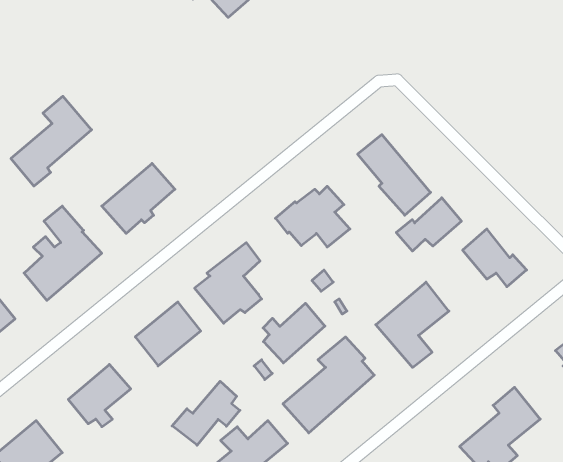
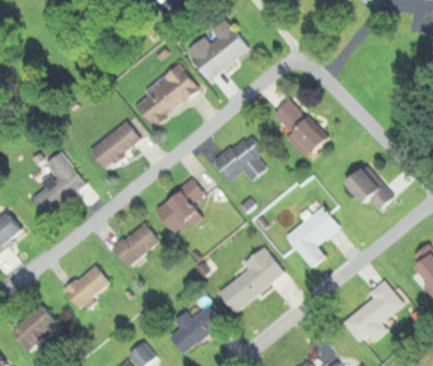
building: none -> [184,19,245,79]
building: [11,96,92,186] -> [139,62,196,127]
building: [396,198,461,251] -> none
building: [263,303,325,363] -> none
building: [172,381,240,445] -> none

